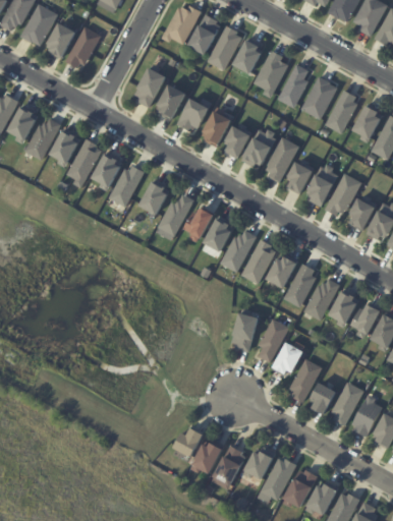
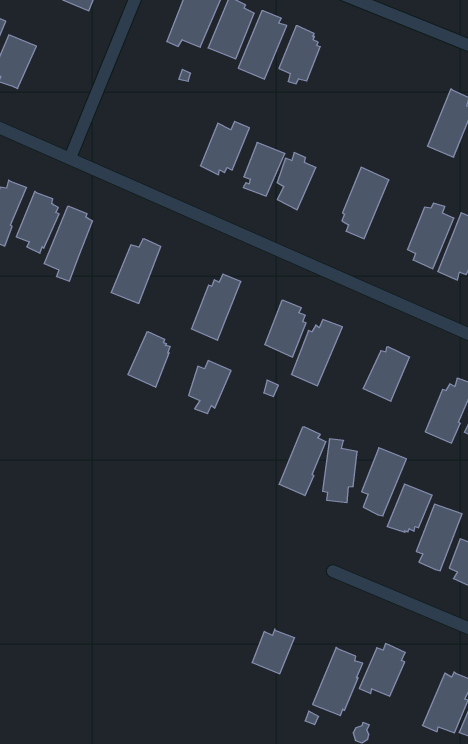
building: [65,26,101,68] -> none
building: [254,50,288,98] -> none
building: [278,64,310,109] -> none
building: [134,67,166,108] -> none
building: [300,76,337,120] -> none
building: [157,84,185,120] -> none
building: [239,127,274,166] -> none
building: [93,152,121,191] -> none
building: [285,157,313,193] -> none
building: [139,179,169,216] -> [128,332,170,387]
building: [183,206,213,240] -> [189,361,231,414]
building: [241,240,275,285] -> [279,427,326,496]
building: [284,265,317,308] -> none
building: [189,441,224,475] -> none
building: [260,459,296,502] -> none

